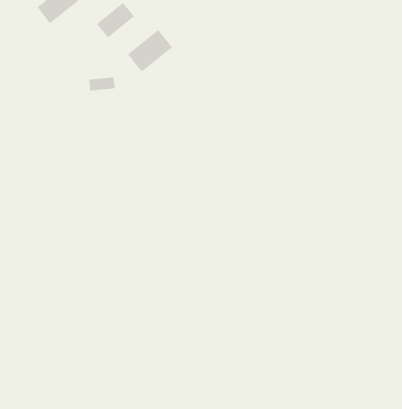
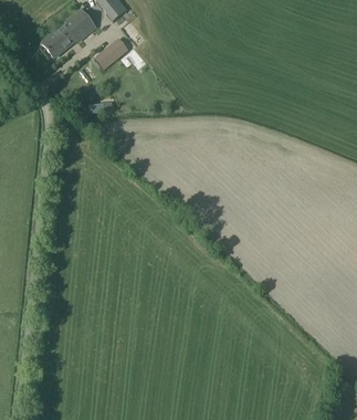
building: [127,29,173,73] -> none

